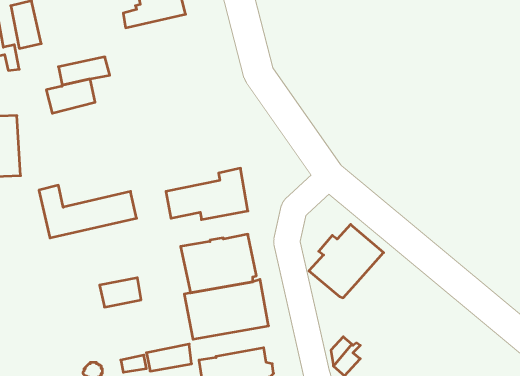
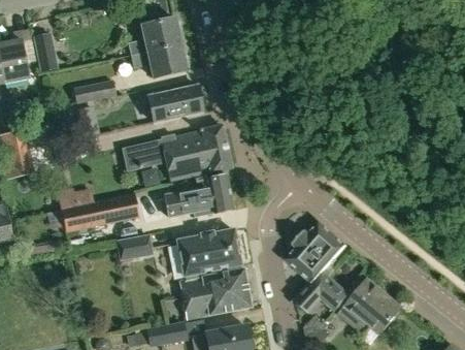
building: none -> [130,42,187,76]
building: none -> [147,85,203,120]
building: none -> [123,123,232,179]
building: [100,278,141,307] -> [117,233,152,258]
building: none -> [294,271,348,311]
building: none -> [340,277,403,332]

